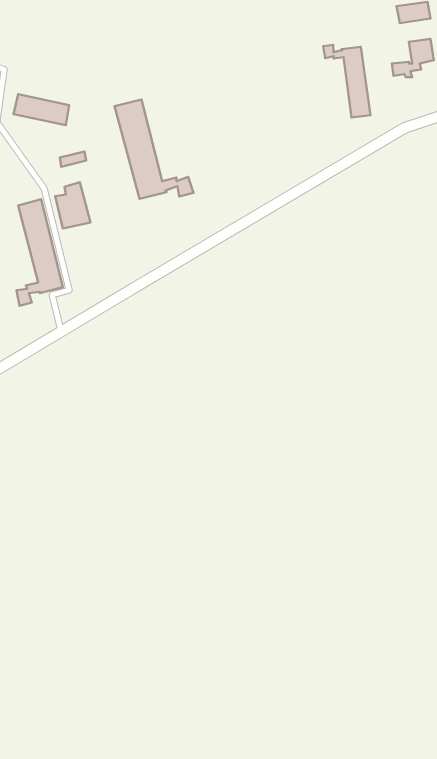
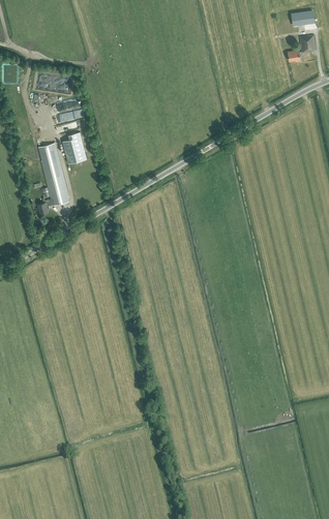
building: [323,45,370,118] -> none
building: [115,99,193,199] -> none

